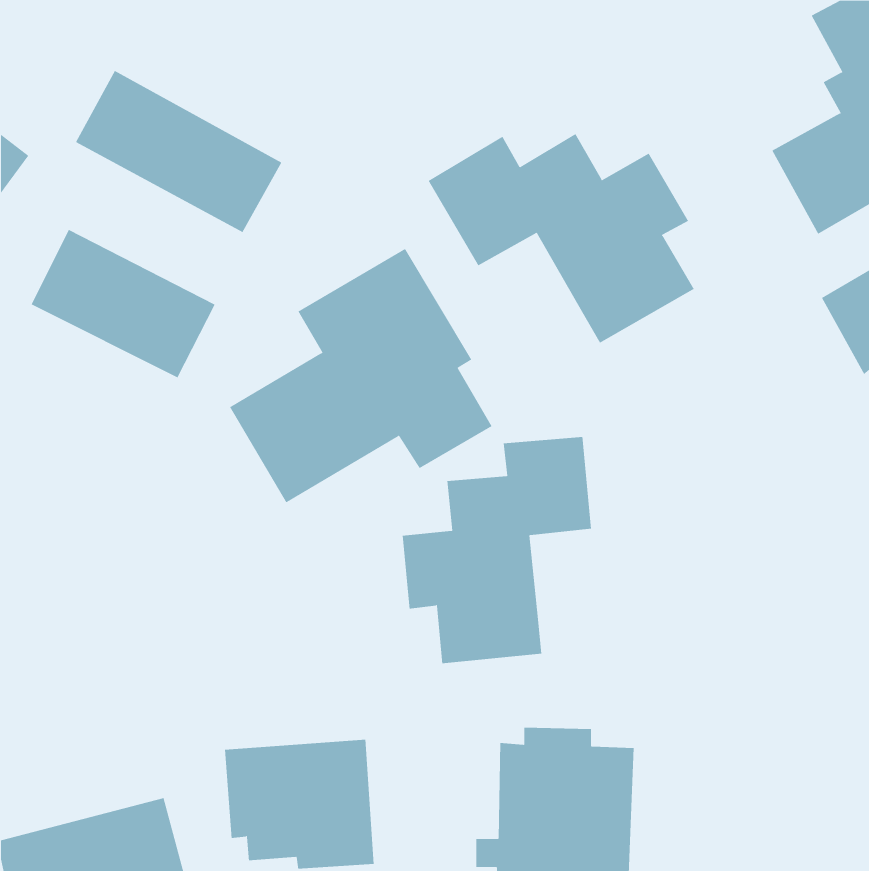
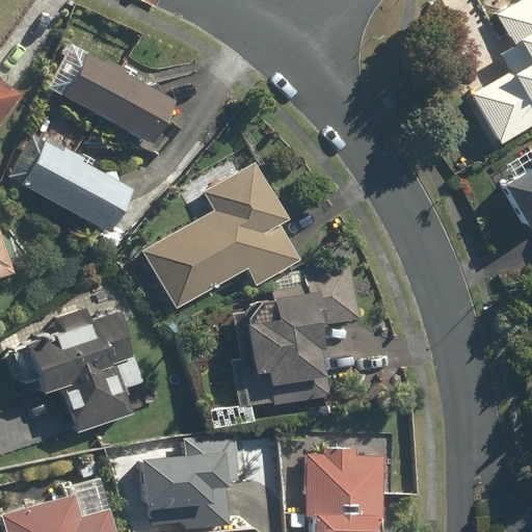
building: [428,133,695,344] -> none
building: none -> [7,296,148,433]

